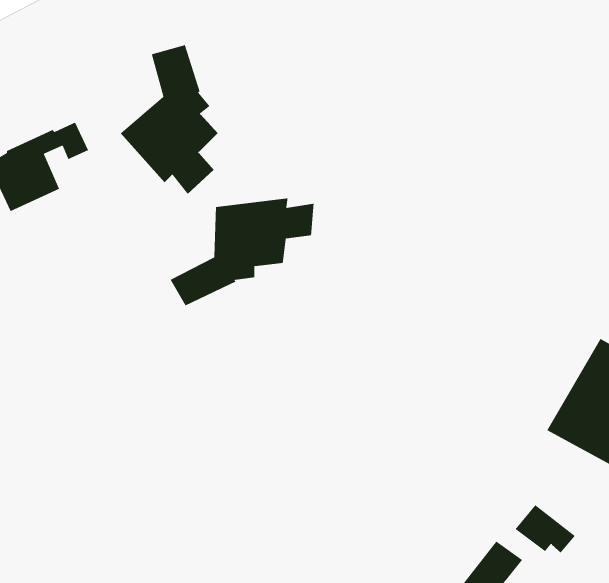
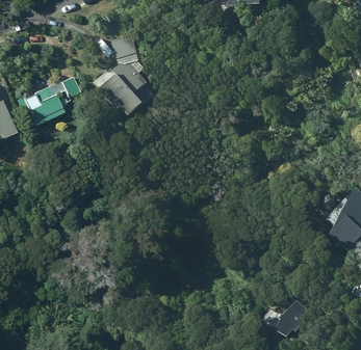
building: [169,197,314,306] -> none
building: [514,504,576,553] -> none

